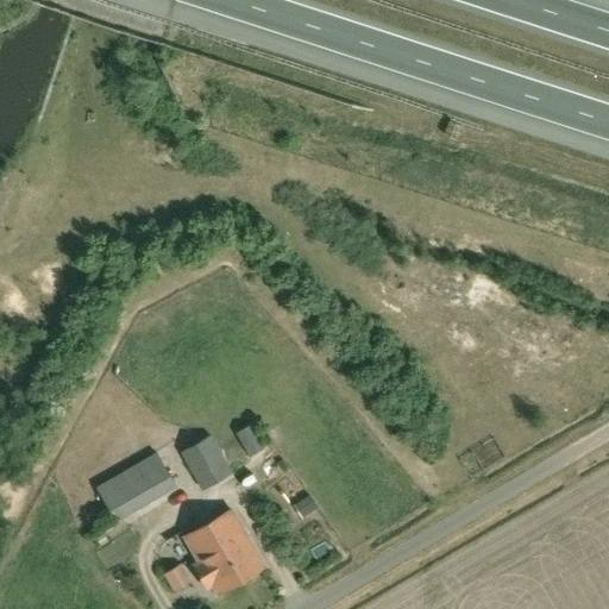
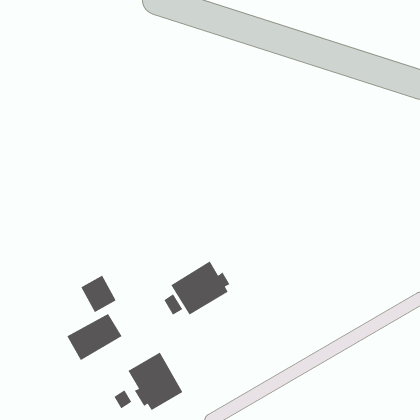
building: none -> [170,261,230,316]
building: [181,435,233,490] -> [80,275,117,313]

